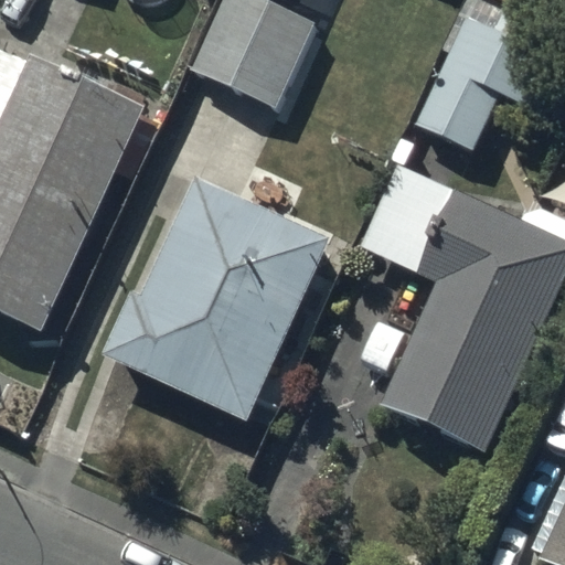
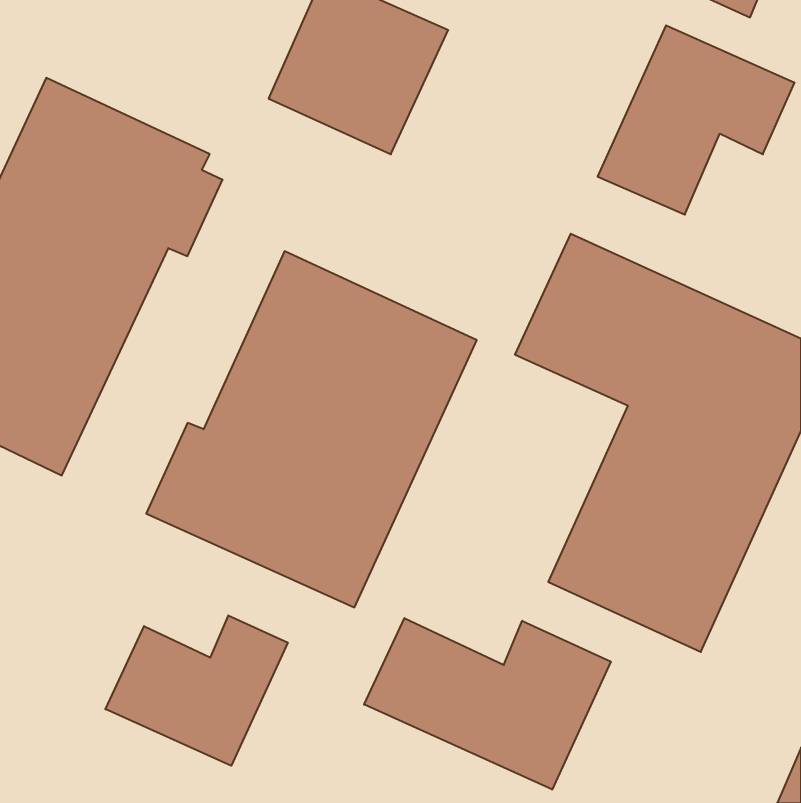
building: none -> [105,615,288,766]
building: none -> [364,618,611,790]

